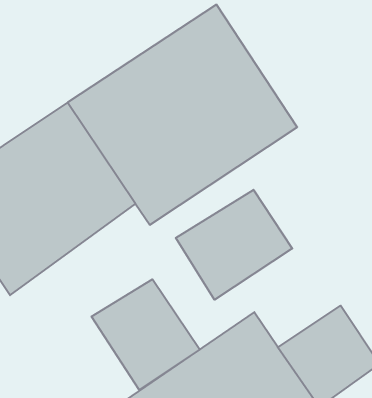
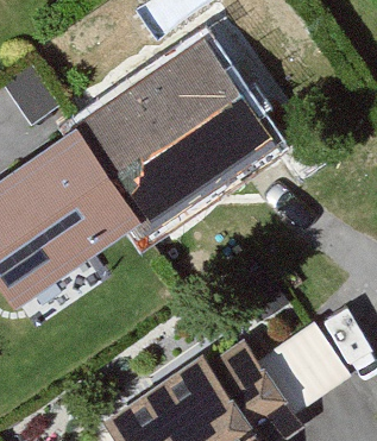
building: [176,190,292,300] -> none
building: [92,279,200,390] -> none

